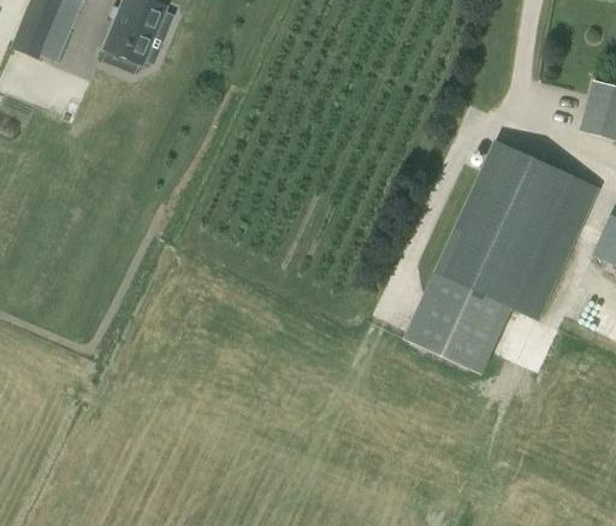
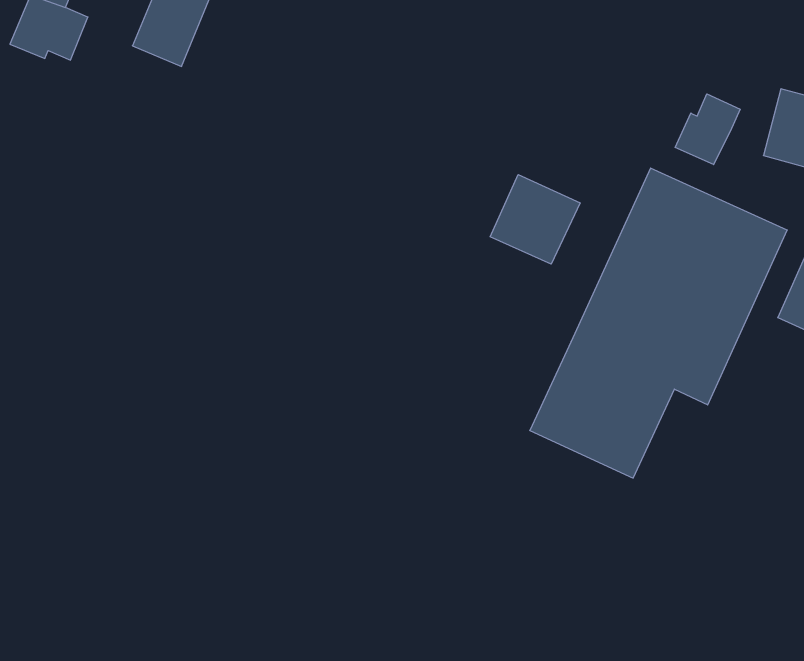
building: none -> [675,94,740,165]
building: none -> [490,175,580,264]

